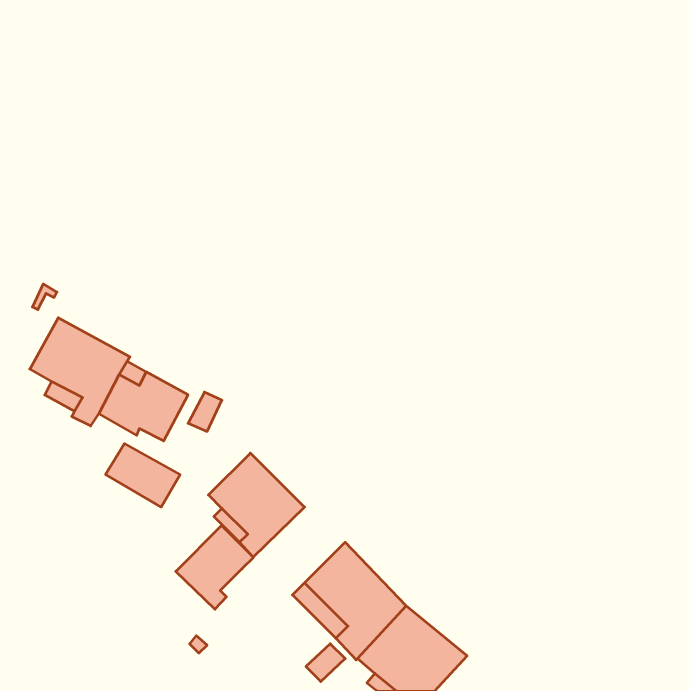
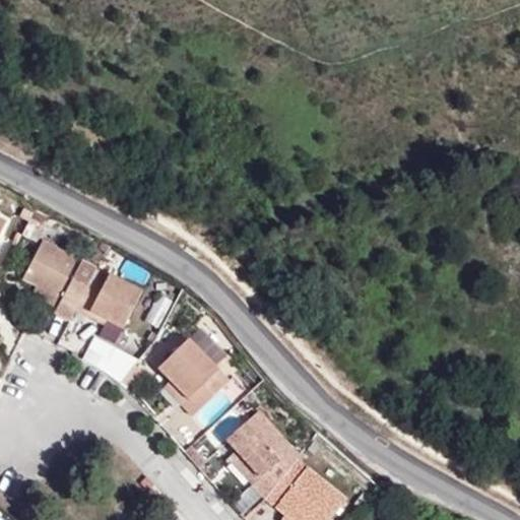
building: [176,526,253,609] -> none

